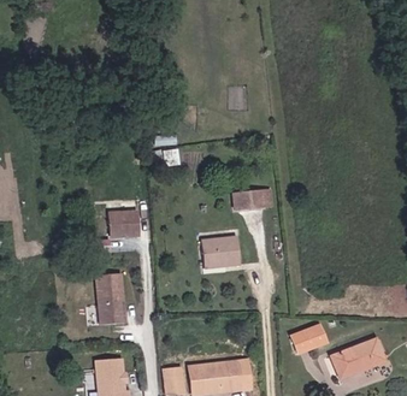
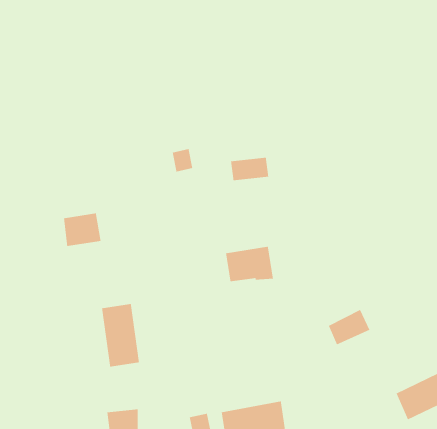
building: [235,187,266,205] -> [230,157,269,181]
building: [107,209,137,236] -> [63,213,101,247]
building: [293,326,328,355] -> [328,309,371,346]

